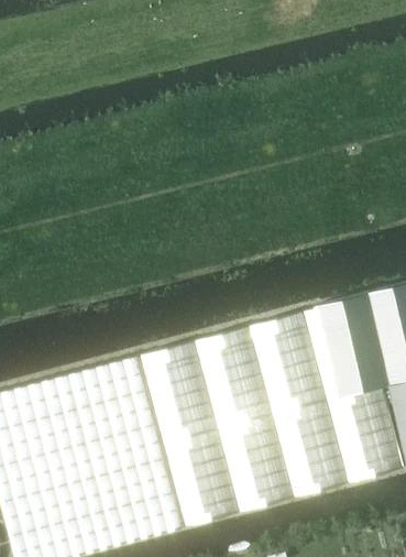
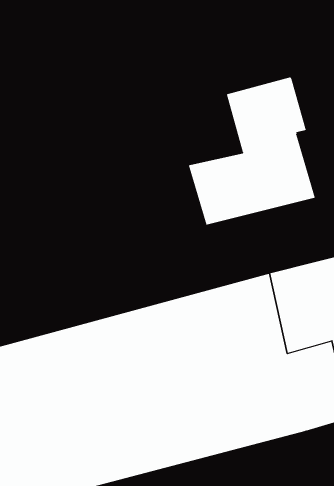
building: none -> [188,76,315,226]

